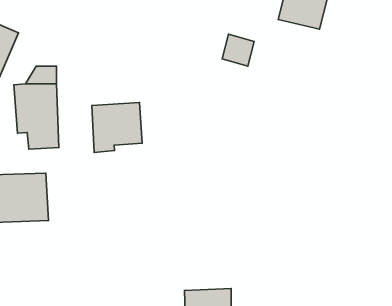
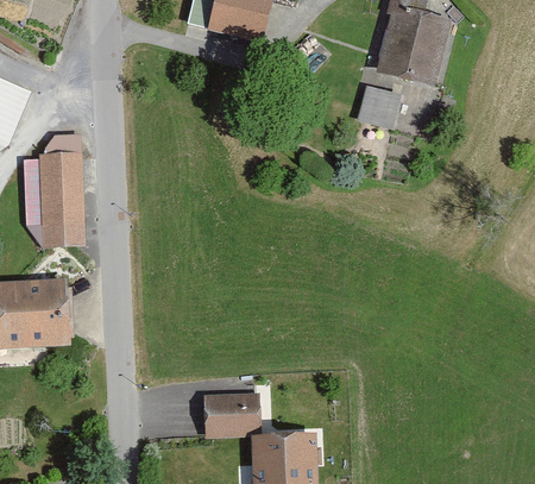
building: [222,34,254,66] -> [359,86,402,128]
building: [92,103,142,152] -> none
building: none -> [204,395,260,432]

